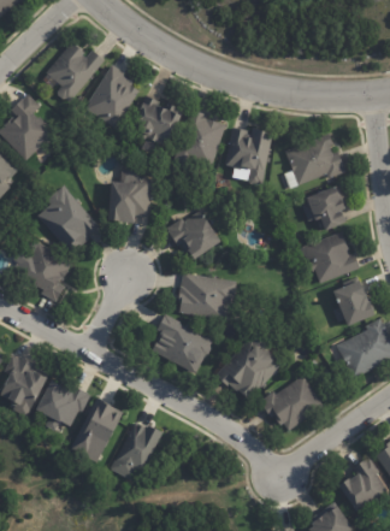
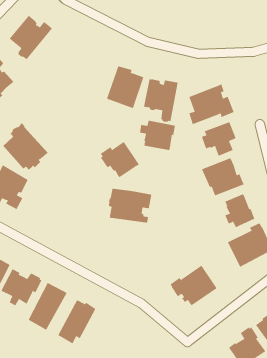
building: [84,63,140,126] -> none
building: [132,94,183,146] -> none
building: [106,169,152,223] -> none
building: none -> [139,120,176,151]
building: [150,313,212,373] -> none
building: [214,331,280,400] -> none

